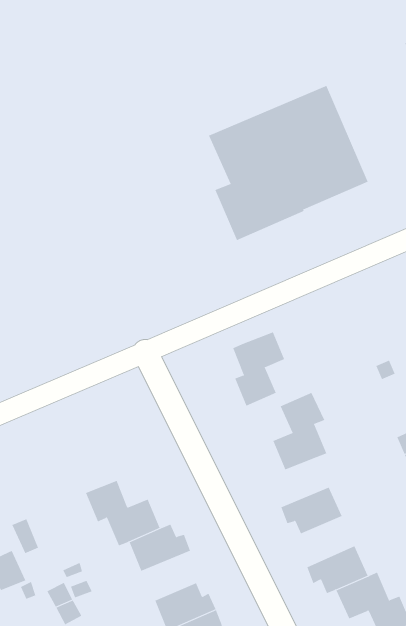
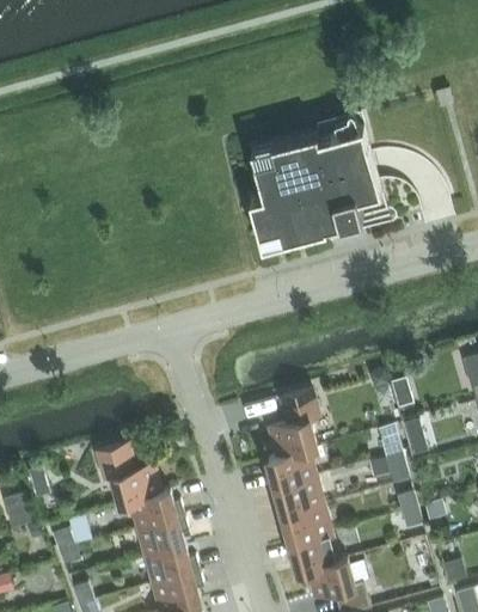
building: [232,331,285,406] -> none
building: none -> [264,451,314,490]
building: none -> [280,506,330,546]
building: none -> [137,518,189,557]

